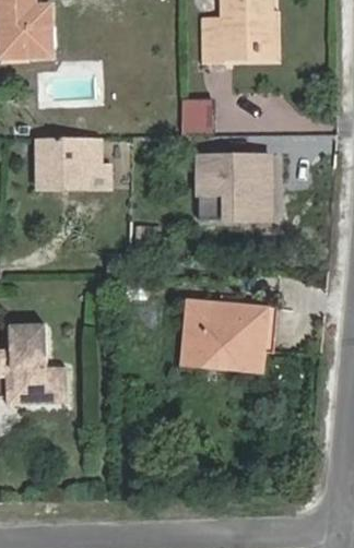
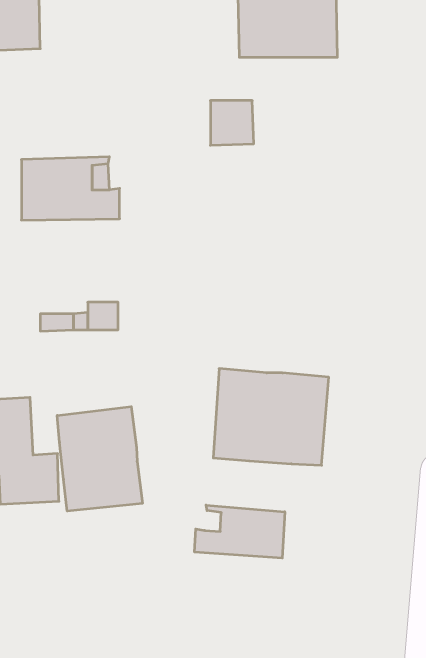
building: [198,153,273,222] -> none
building: none -> [57,407,142,511]
building: none -> [195,505,285,558]

